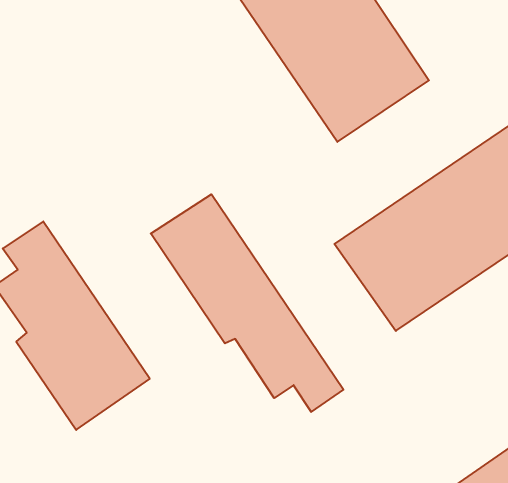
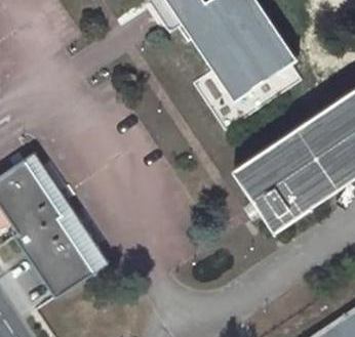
building: [151,194,343,412] -> none

